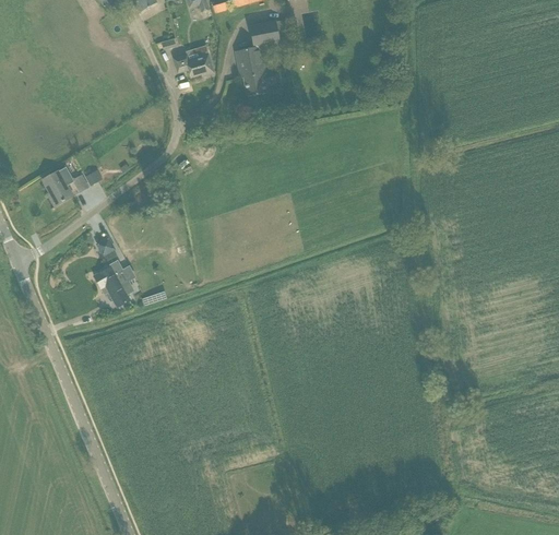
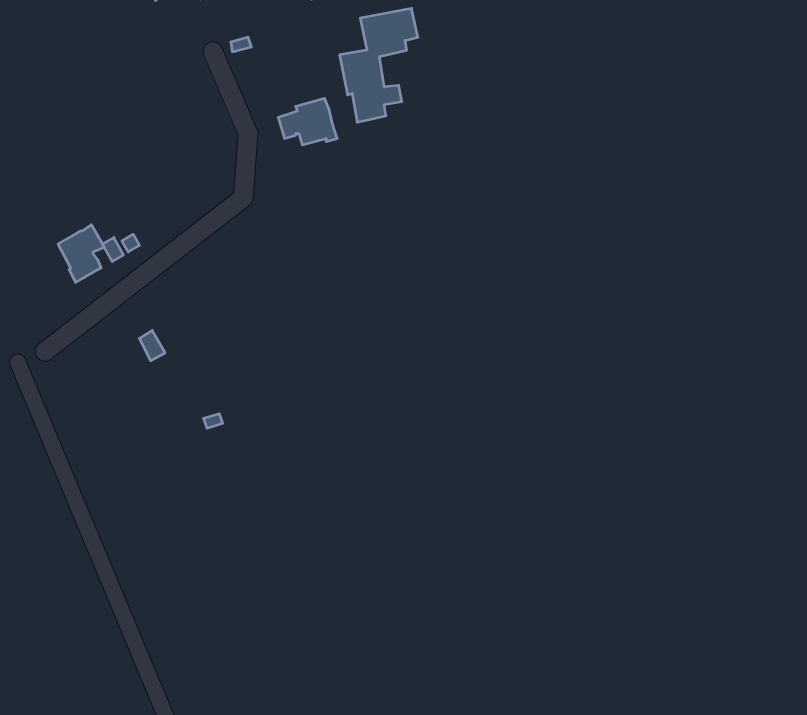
building: [174,45,214,76] -> [278,98,337,145]
building: [94,260,130,307] -> none

